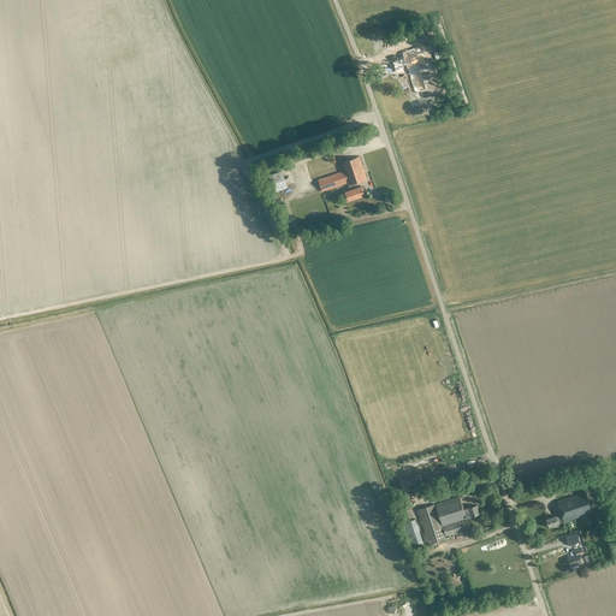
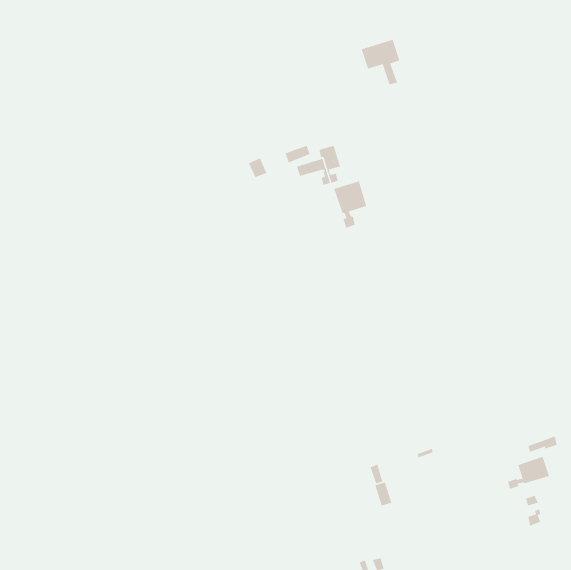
building: none -> [334,181,367,229]
building: [417,497,479,545] -> none

